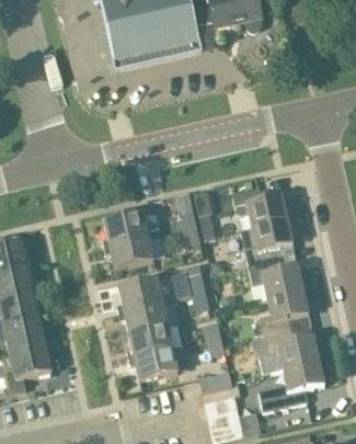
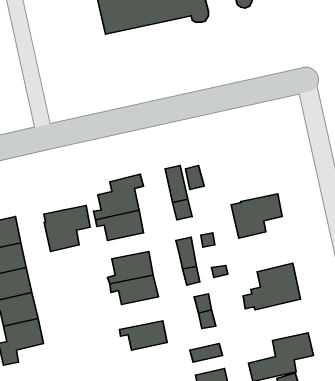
building: [231,185,287,228] -> none
building: none -> [44,206,90,251]
building: [248,255,302,299] -> none
building: [126,325,171,357] -> none
building: [264,327,318,368] -> none

